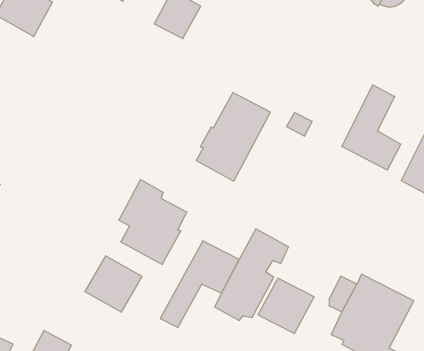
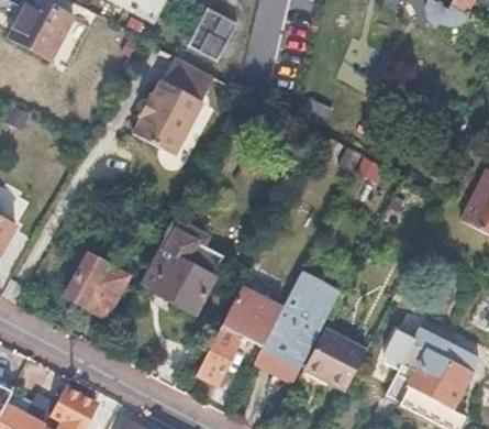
building: [342,85,401,170] -> none
building: [196,93,270,181] -> [133,54,215,153]
building: [85,256,142,312] -> [66,254,130,317]

